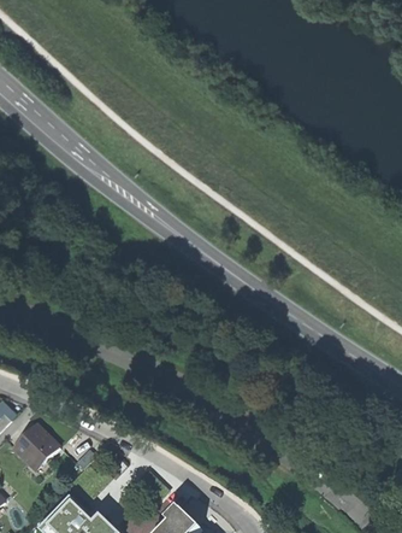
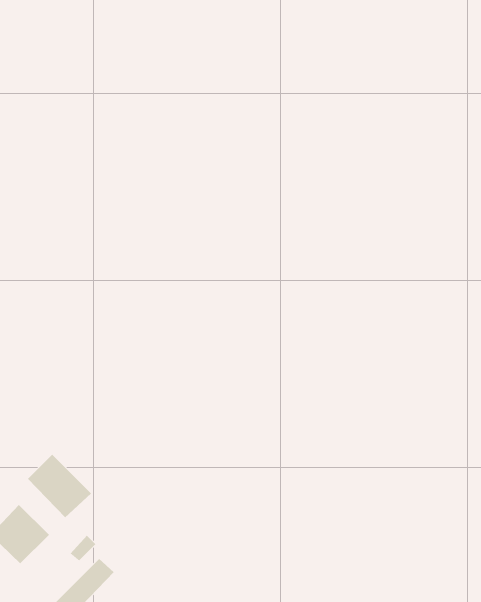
building: none -> [27,454,92,518]

